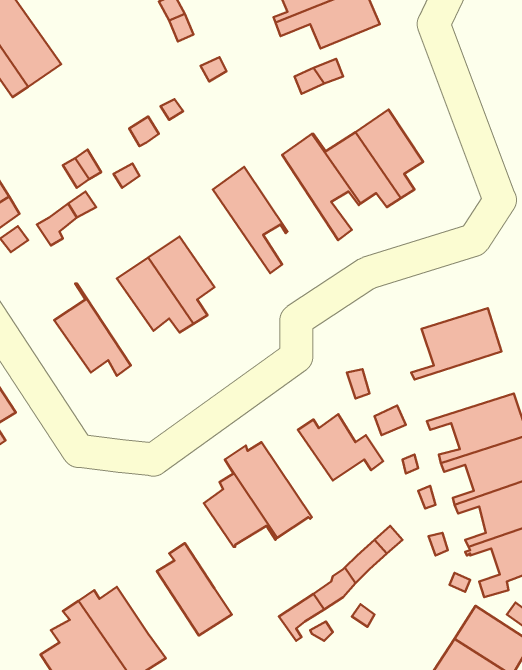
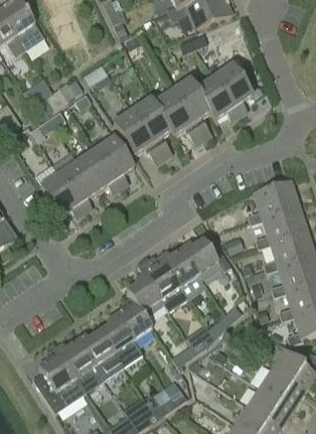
building: none -> [150,90,204,144]
building: none -> [114,110,165,163]
building: none -> [53,152,98,211]
building: none -> [249,203,306,244]
building: none -> [160,249,206,299]
building: none -> [116,291,153,340]
building: none -> [76,330,124,381]

